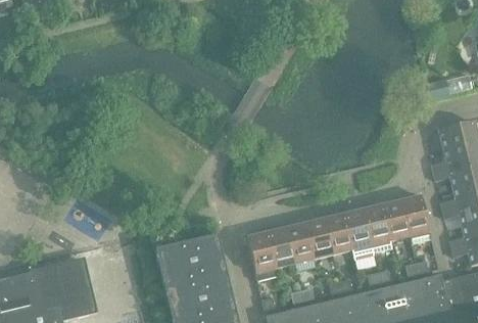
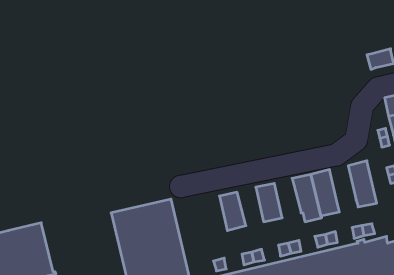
building: [381,200,409,240] -> none
building: [324,214,351,255] -> none
building: [285,223,313,263] -> none
building: [246,232,277,280] -> none

